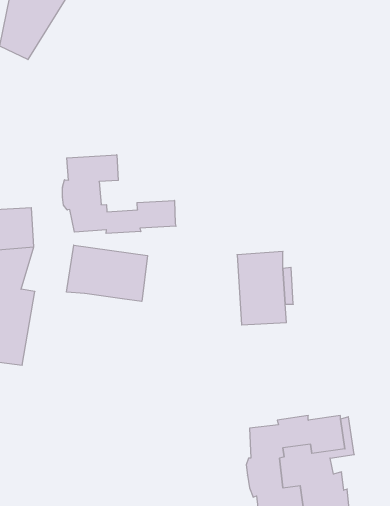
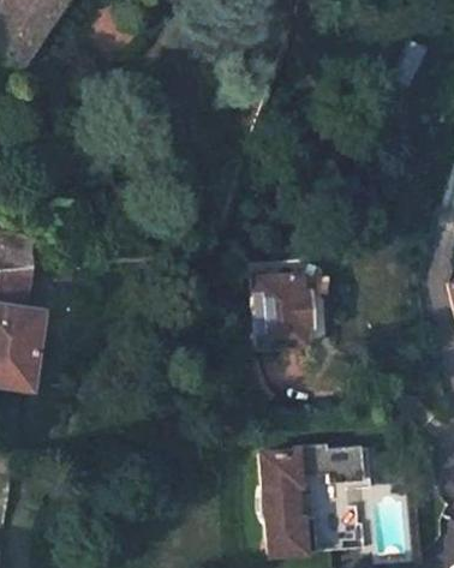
building: [63,155,176,233] -> none
building: [67,245,148,301] -> none

